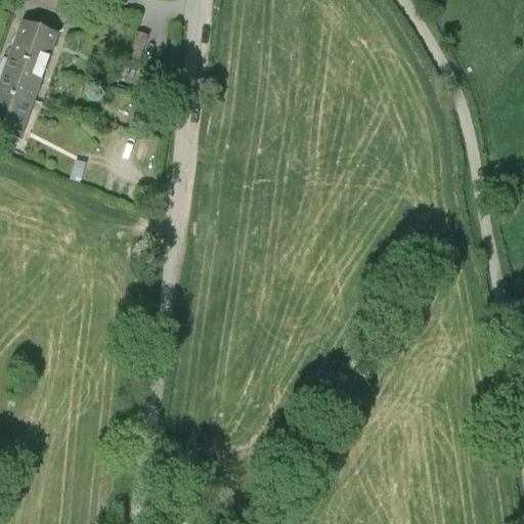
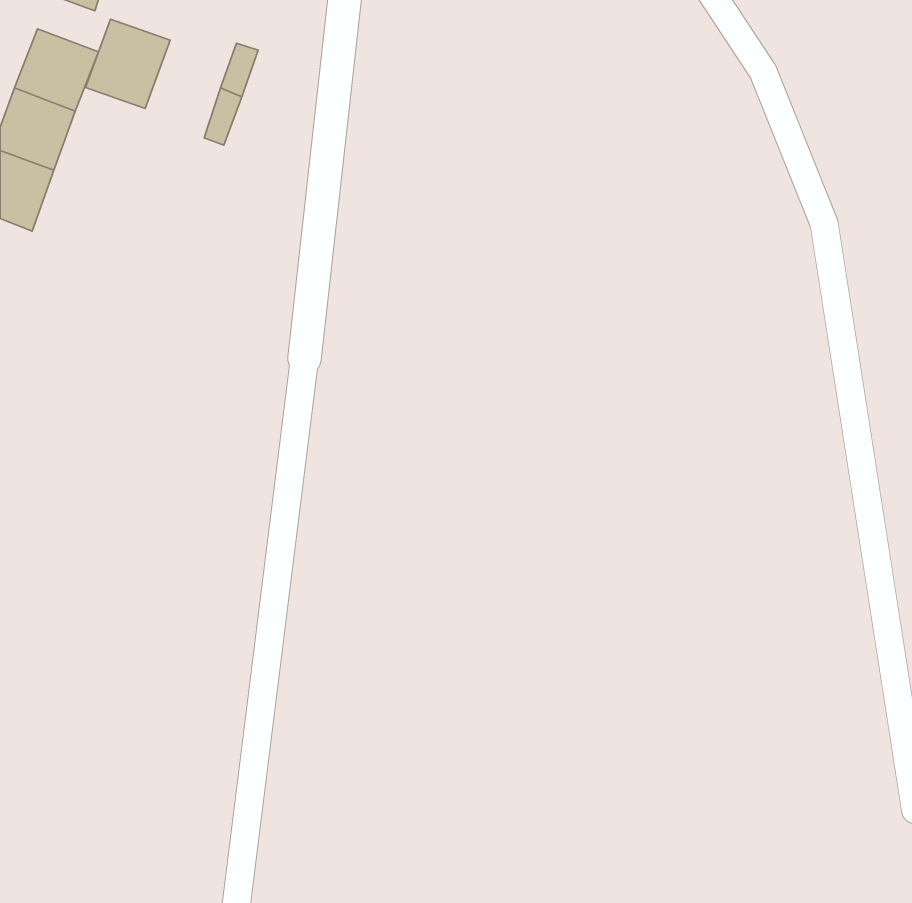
building: none -> [86,19,170,109]

